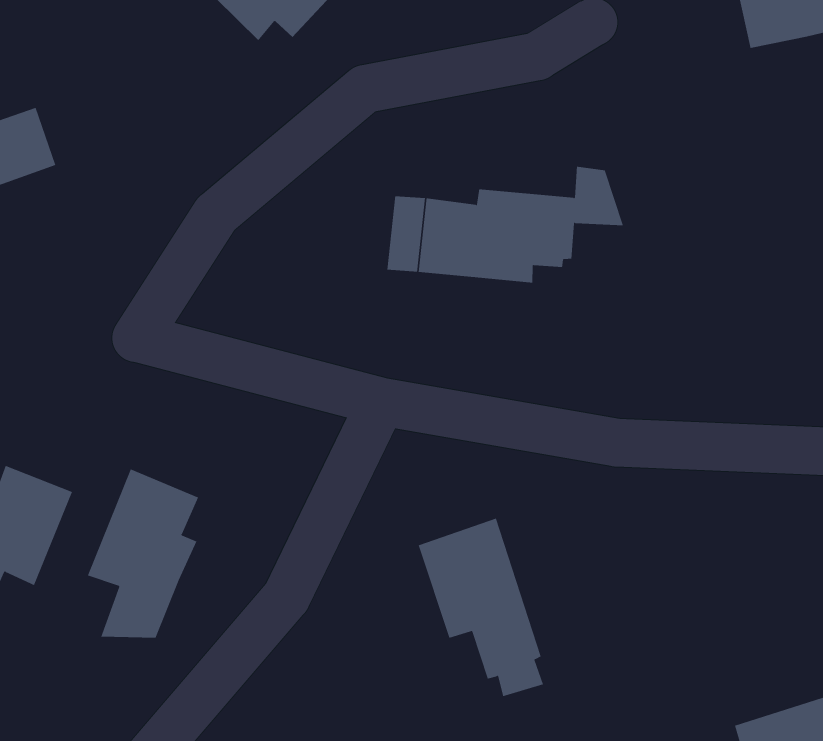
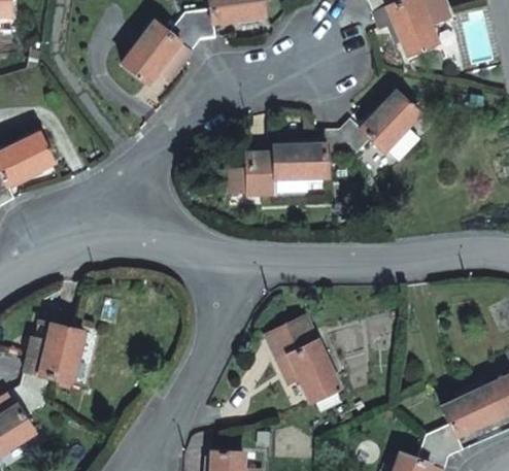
building: none -> [337,92,420,154]
building: [87,469,199,638] -> none

